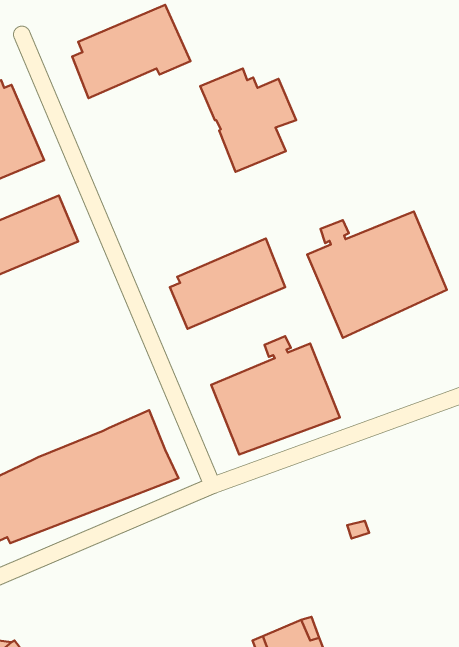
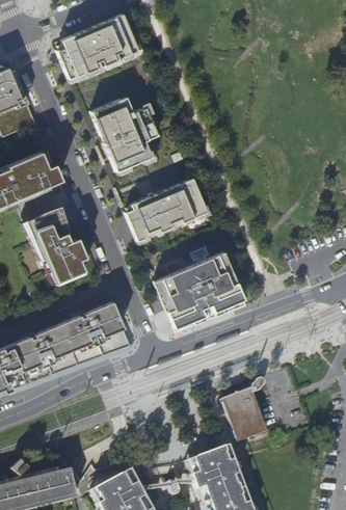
building: [200,68,296,172] -> [91,100,159,172]
building: [307,211,447,338] -> none
building: none -> [20,205,85,285]
building: none -> [219,391,263,441]

